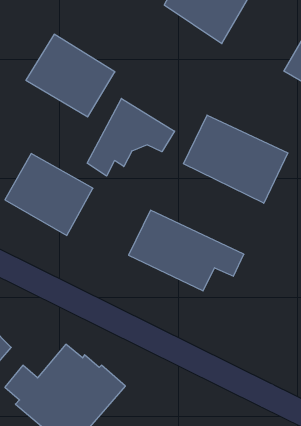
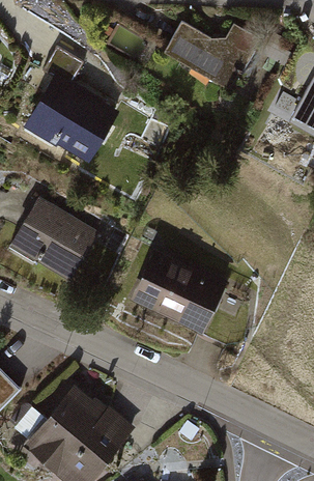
building: [87,98,175,176] -> none
building: [183,115,288,203] -> none

